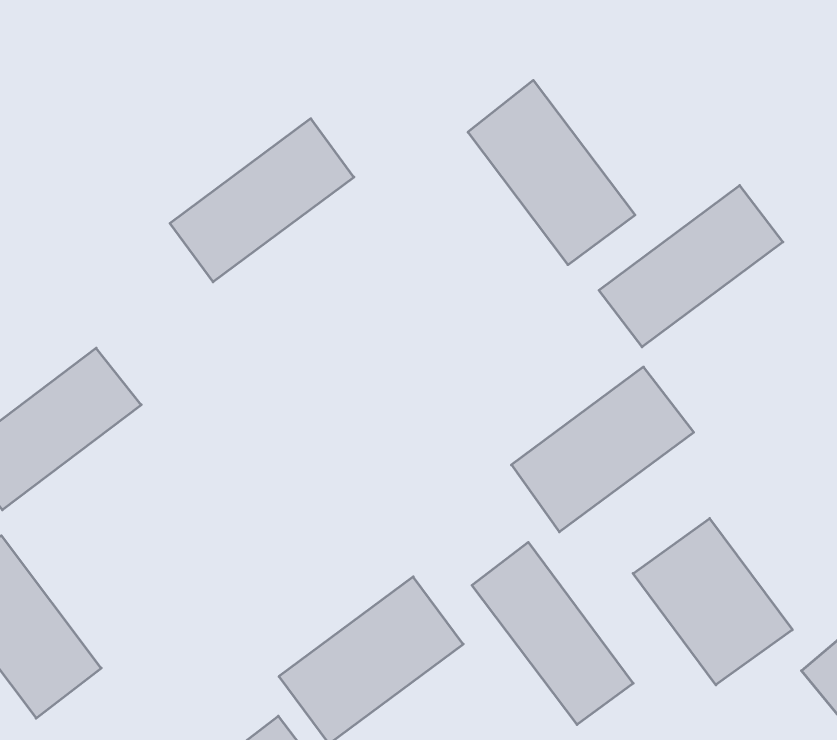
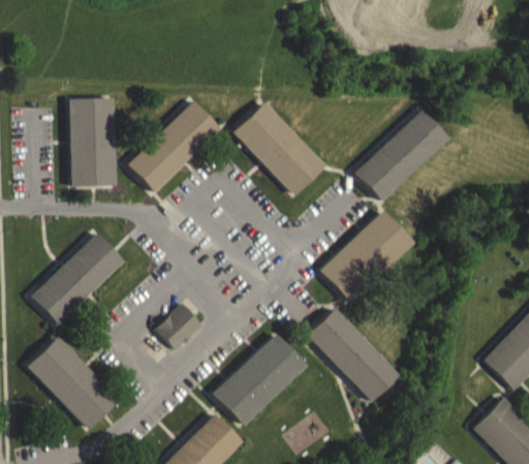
building: [468,80,635,265] -> [235,101,326,195]
building: none -> [70,98,117,186]
building: none -> [157,303,205,351]
building: [633,518,792,685] -> none

